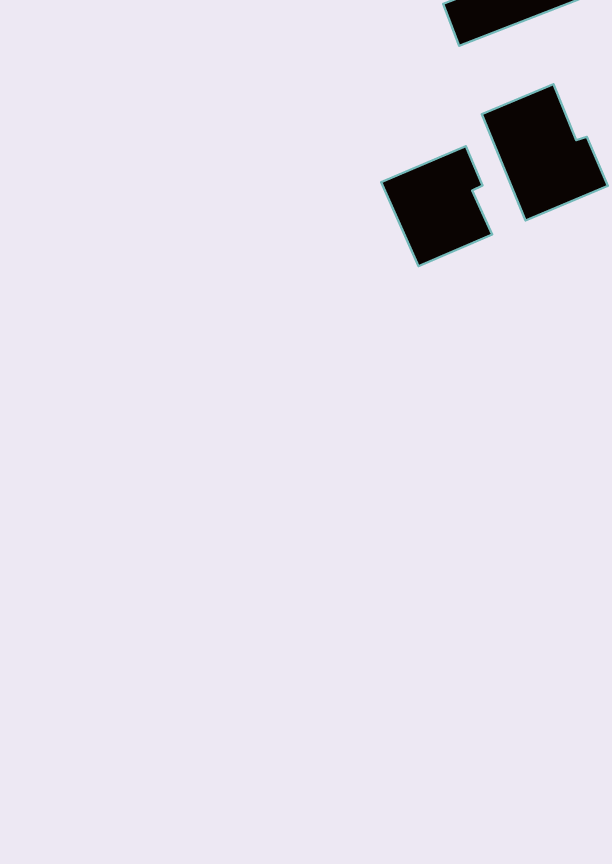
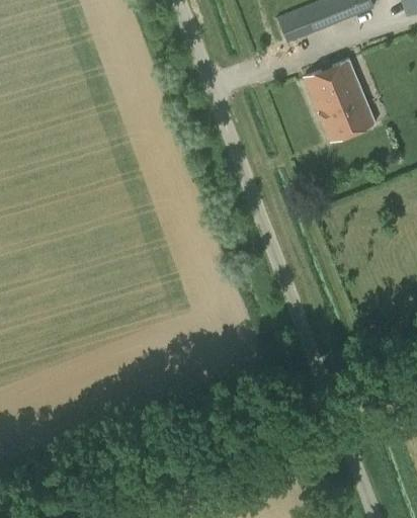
building: [381,146,492,266] -> none

